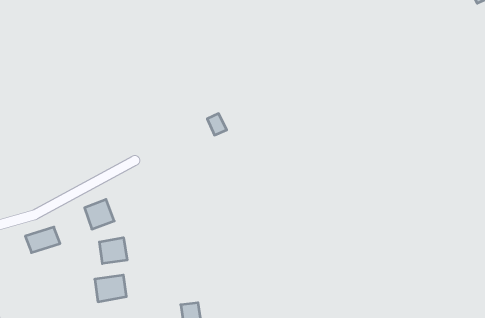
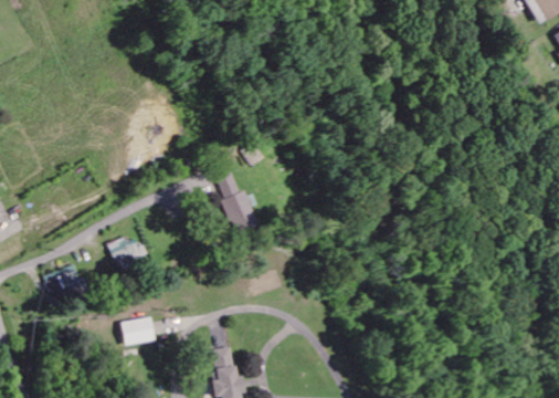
building: none -> [217,172,257,234]
building: [99,238,127,264] -> none

